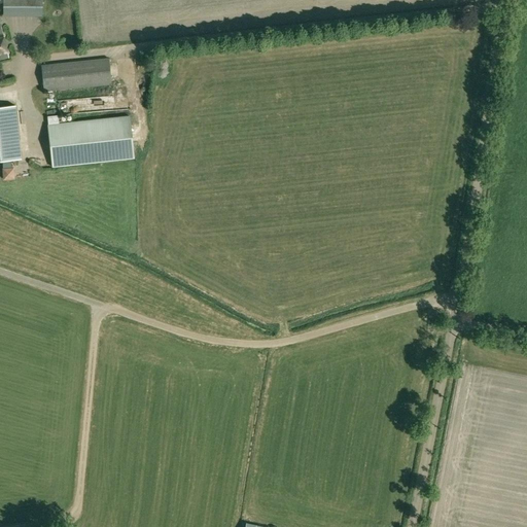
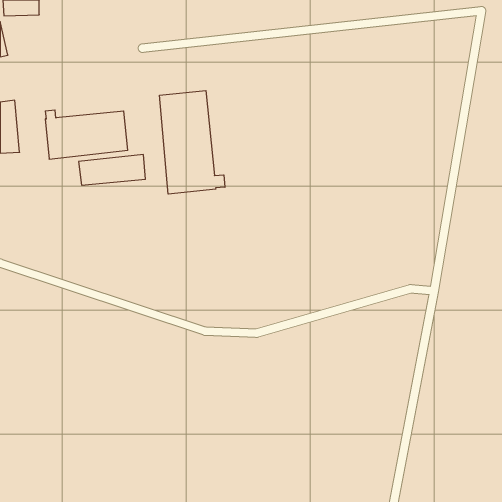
building: [41,59,111,91] -> [79,155,145,185]
building: none -> [160,91,225,194]

